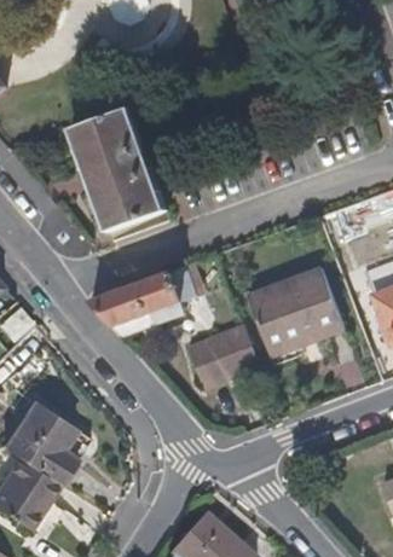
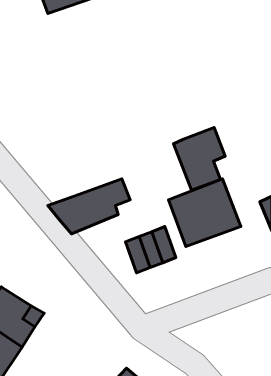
building: [73,109,171,232] -> none
building: none -> [174,127,225,190]

